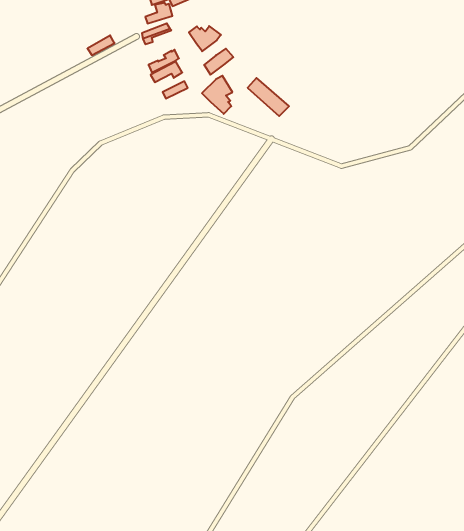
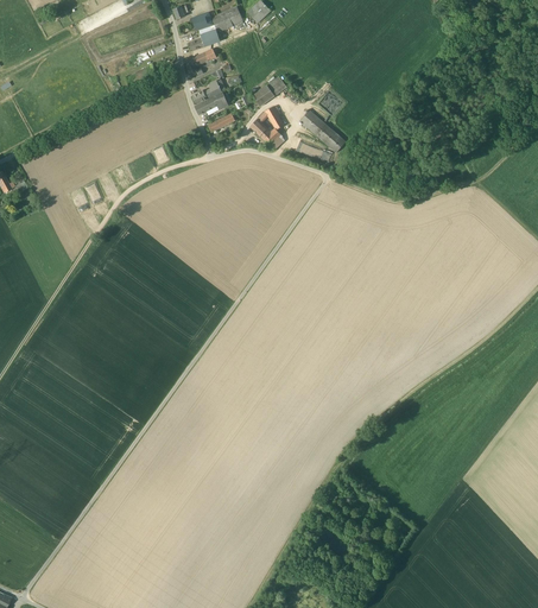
building: [189,26,221,51] -> none

